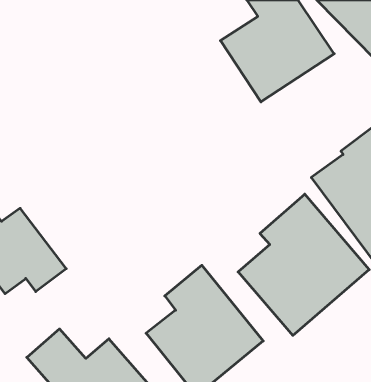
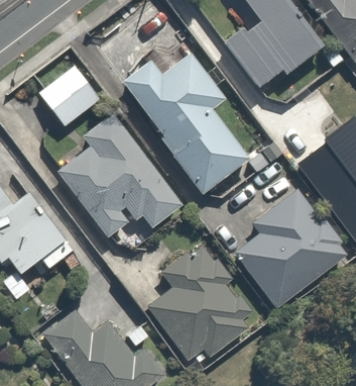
building: none -> [122,47,247,192]
building: none -> [39,63,101,123]
building: none -> [53,113,183,240]

